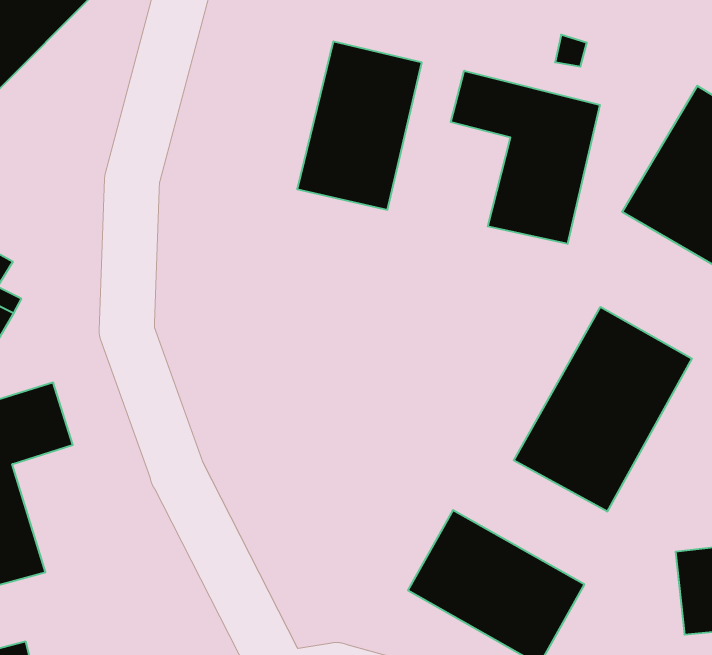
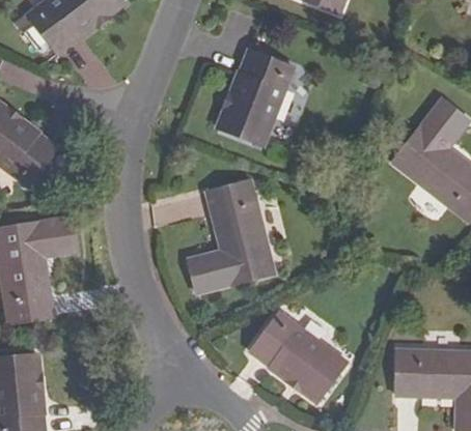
building: [451,71,600,244] -> none
building: none -> [188,180,274,293]
building: [514,307,692,512] -> none

